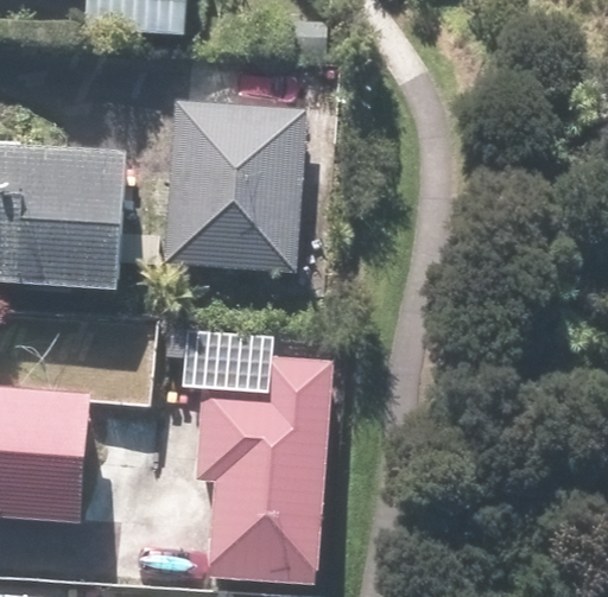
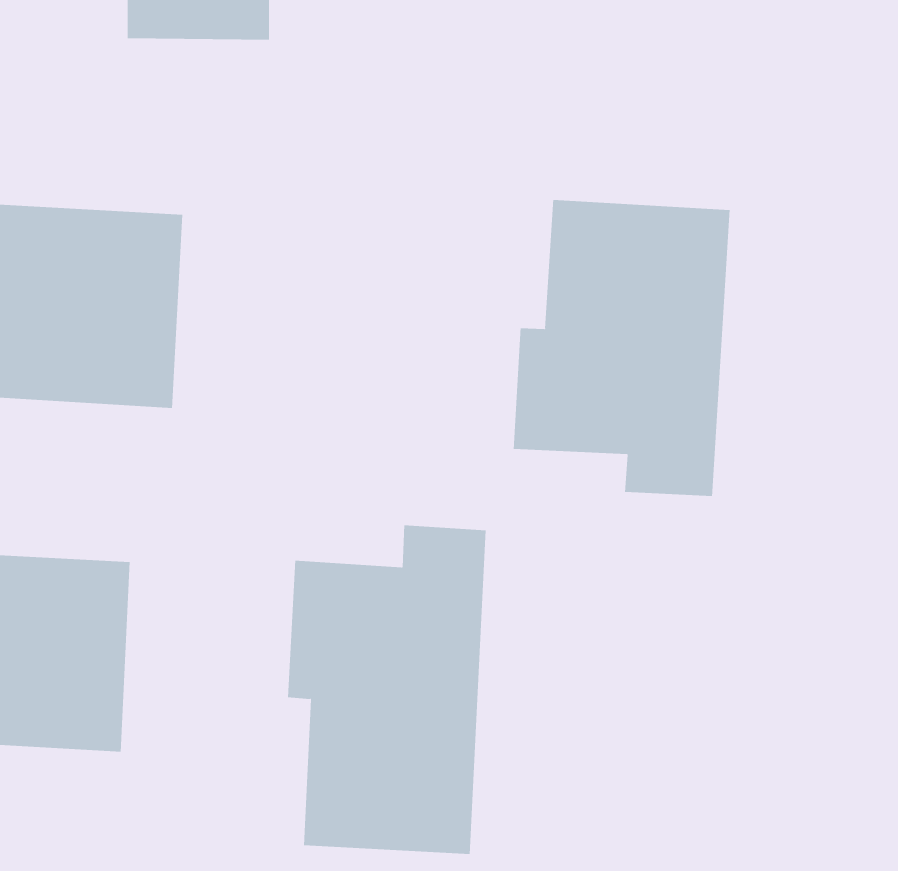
building: [163,96,312,277] -> none
building: none -> [513,199,730,497]

